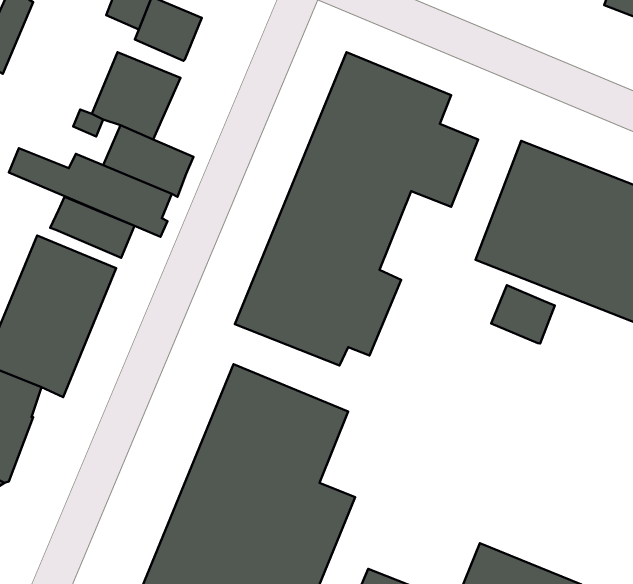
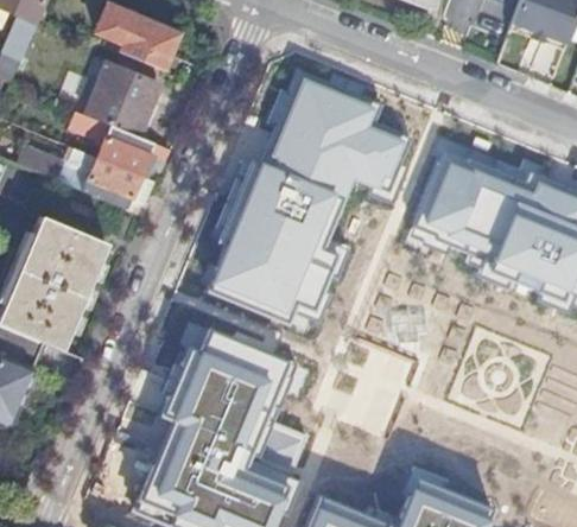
building: [50,197,134,258] -> none
building: [491,285,555,343] -> none

